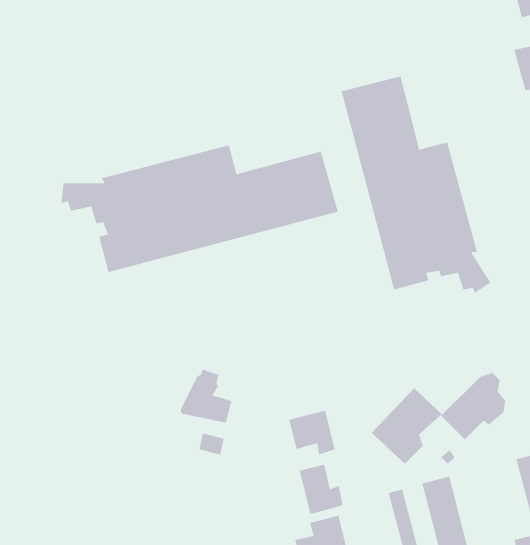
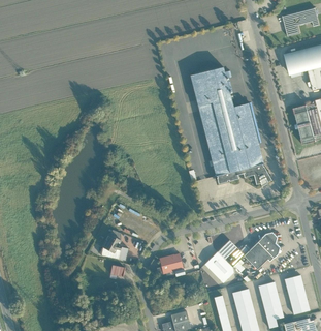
building: [61,145,338,273] -> none
building: none -> [257,280,284,320]
building: [299,464,343,515] -> none

